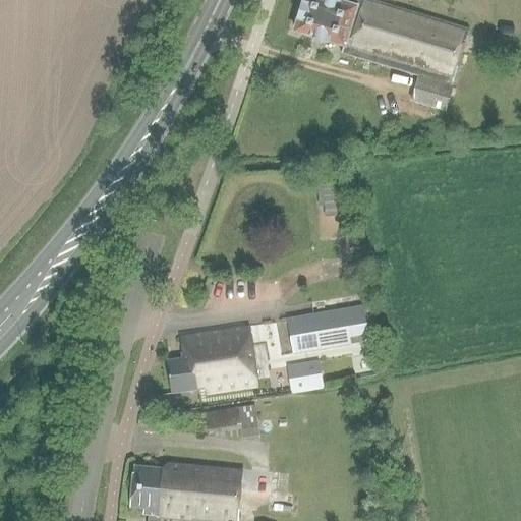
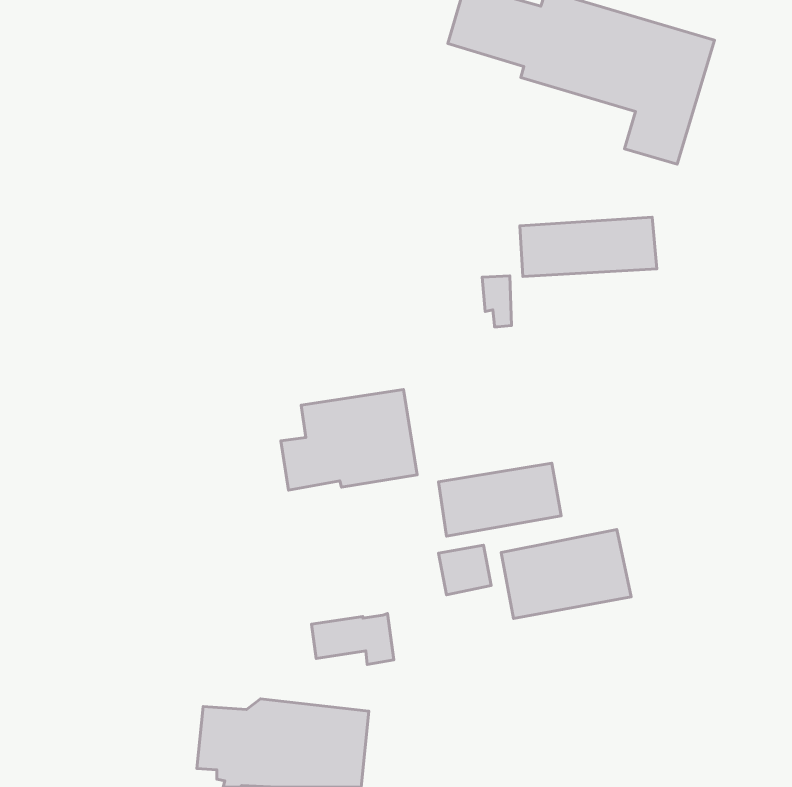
building: none -> [520,217,657,276]
building: [167,326,256,392] -> [281,390,417,490]
building: none -> [501,530,631,619]

